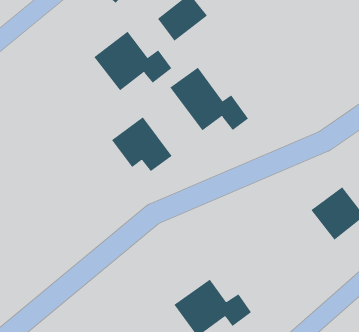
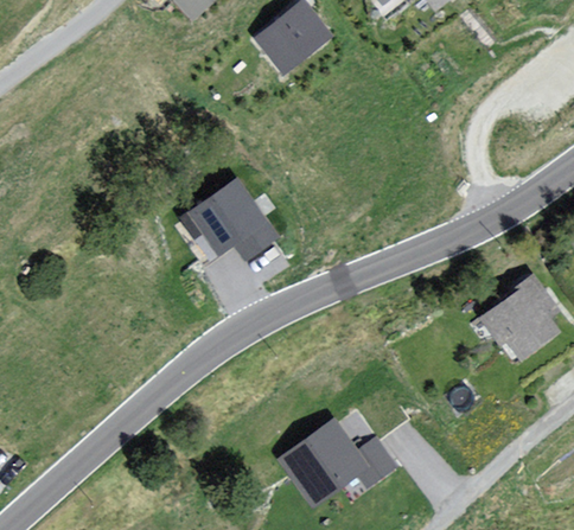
building: [93,31,172,91] -> none
building: [170,67,249,131] -> none

